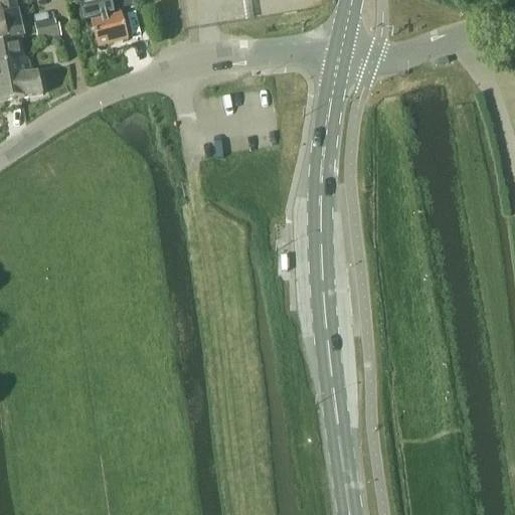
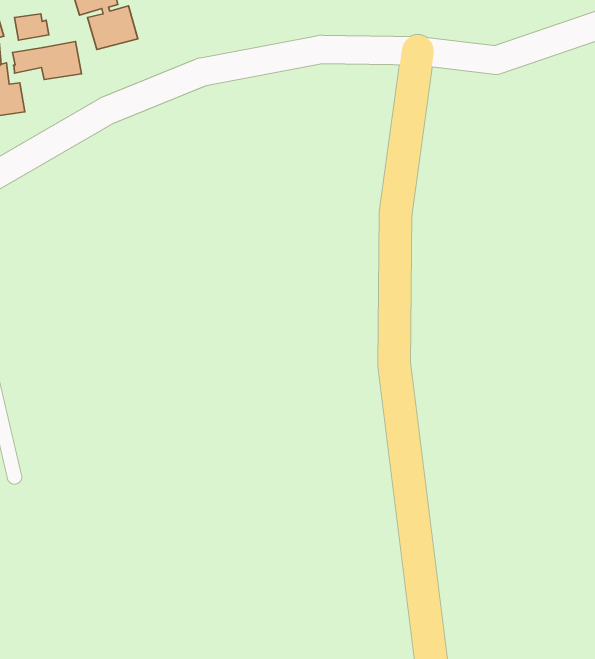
building: none -> [13,42,82,80]

